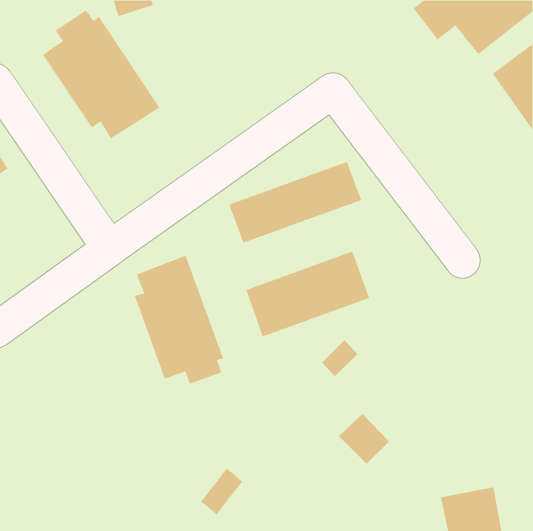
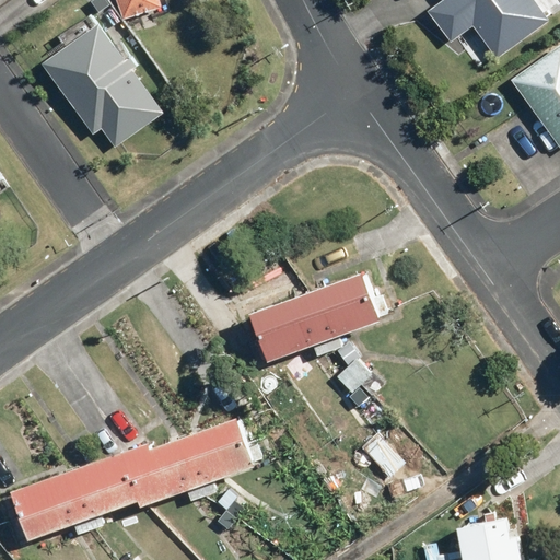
building: [229,161,362,244] -> none
building: [134,255,224,385] -> none
building: none -> [11,415,259,537]

